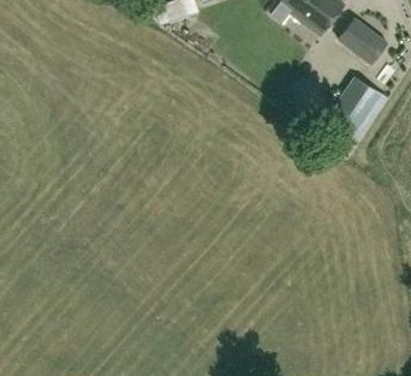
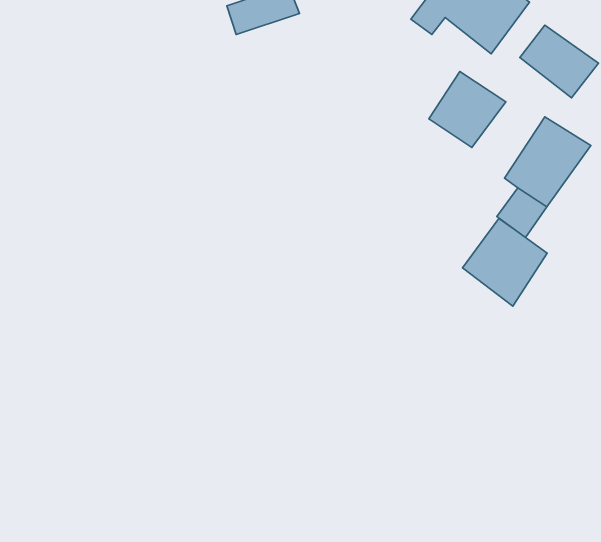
building: none -> [429,72,506,147]
building: none -> [463,219,547,306]

